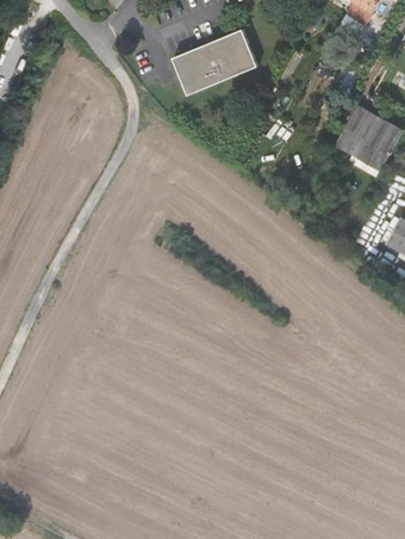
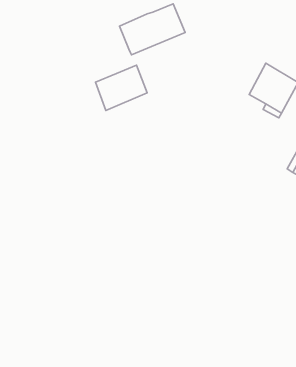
building: none -> [96,65,147,111]

